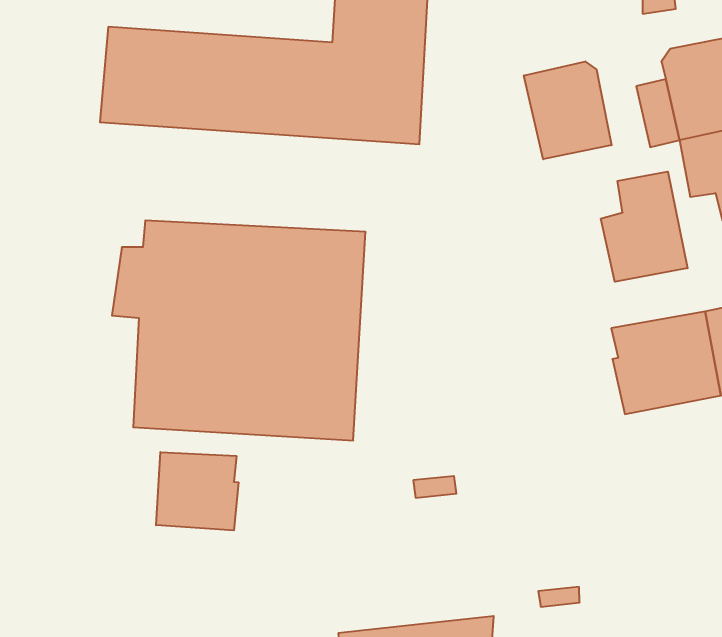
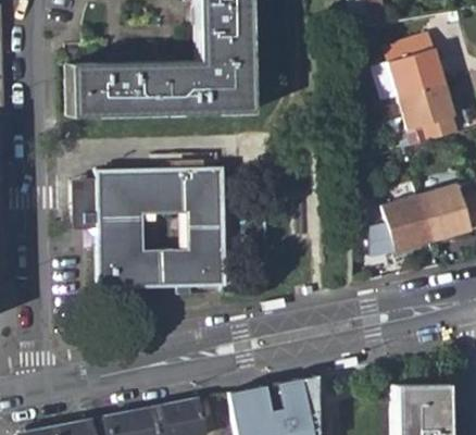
building: [524,61,612,159] -> none
building: [601,172,688,282] -> none
building: [156,452,238,530] -> none

